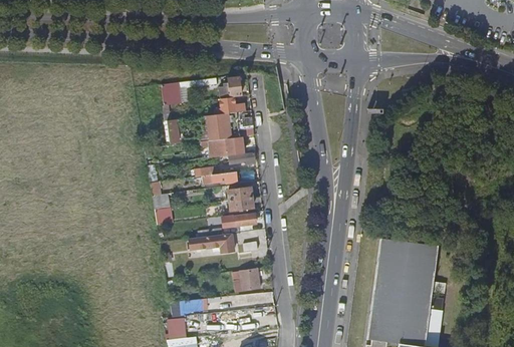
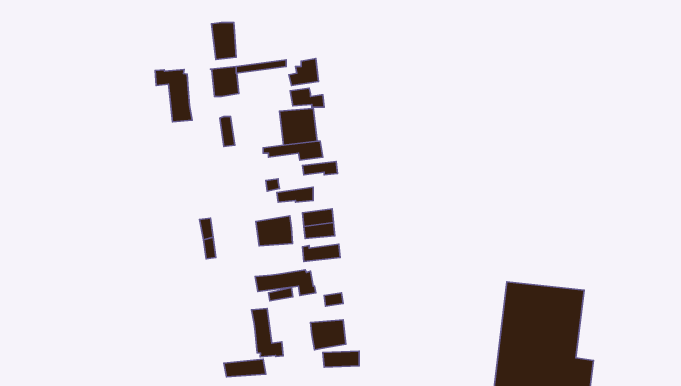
building: none -> [211,22,236,59]
building: none -> [155,70,192,122]
building: none -> [256,216,292,246]
building: none -> [252,308,283,357]

